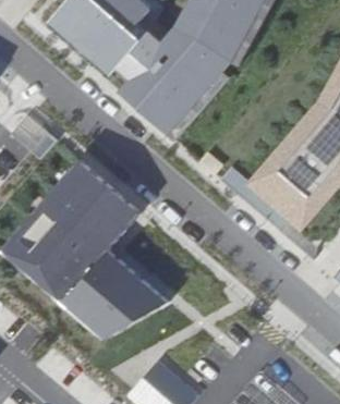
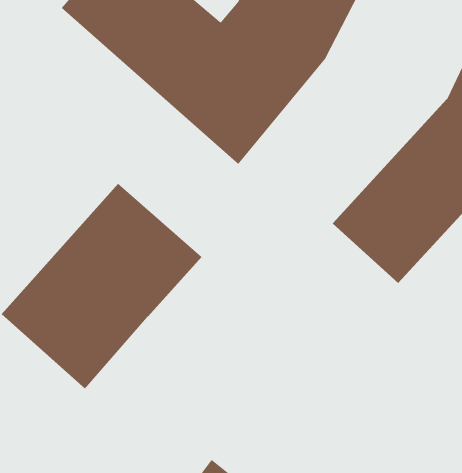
building: [64,253,170,339] -> none

